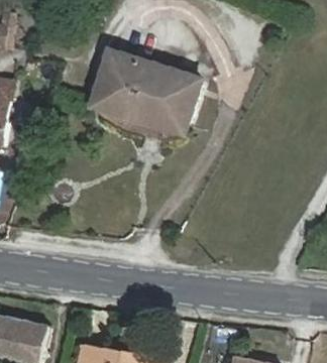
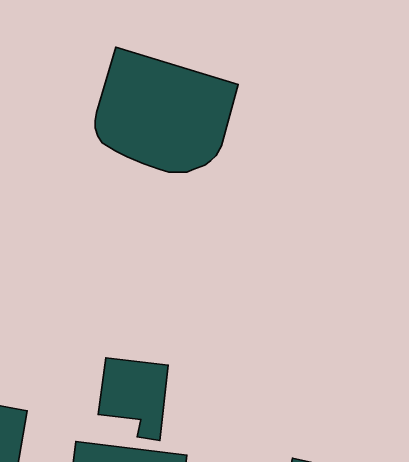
building: none -> [98,358,168,440]

